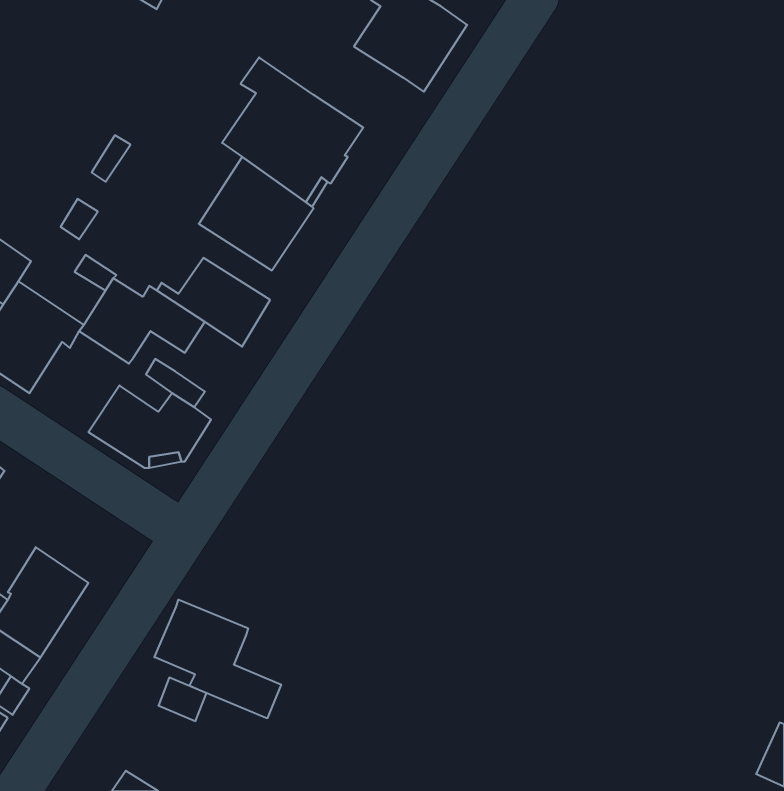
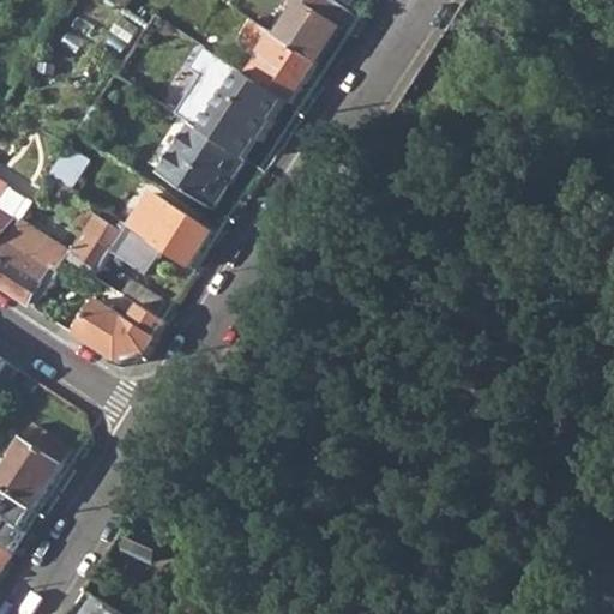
building: none -> [236,19,312,101]
building: [154,600,281,718] -> none

